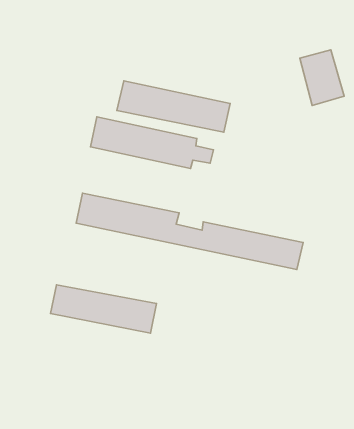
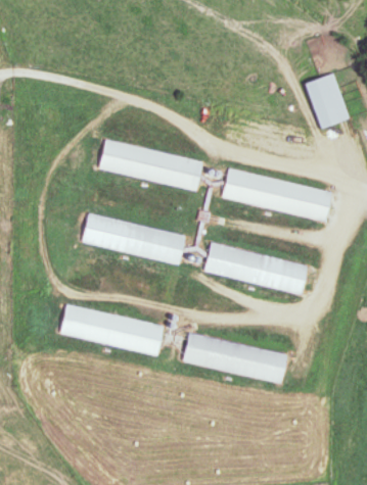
building: [117,81,230,132] -> [220,168,332,220]
building: none -> [182,334,288,382]

